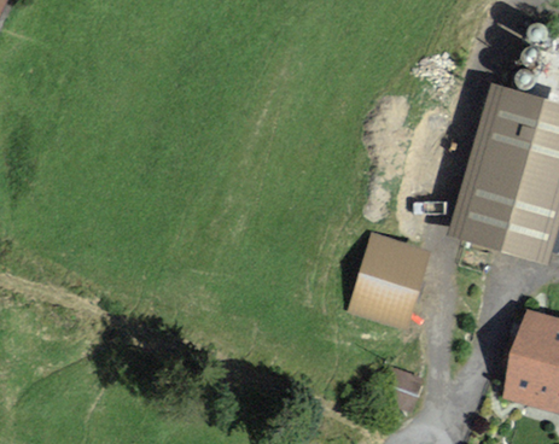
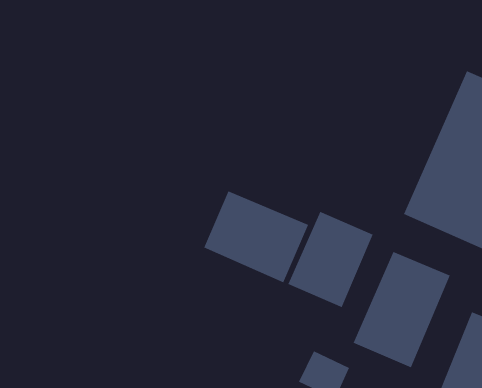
building: none -> [204,190,309,283]
building: none -> [353,251,450,368]

